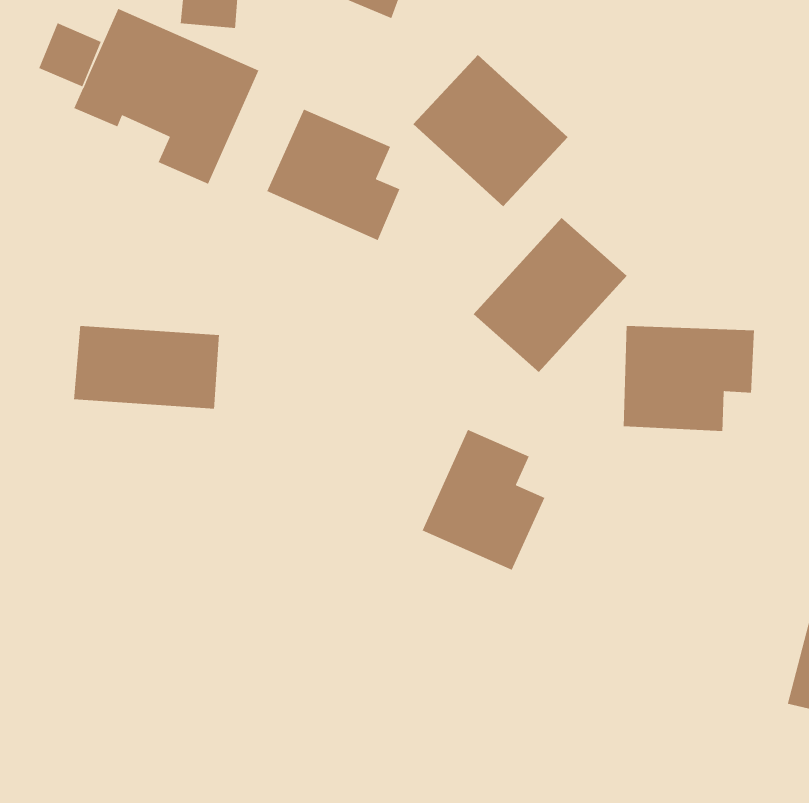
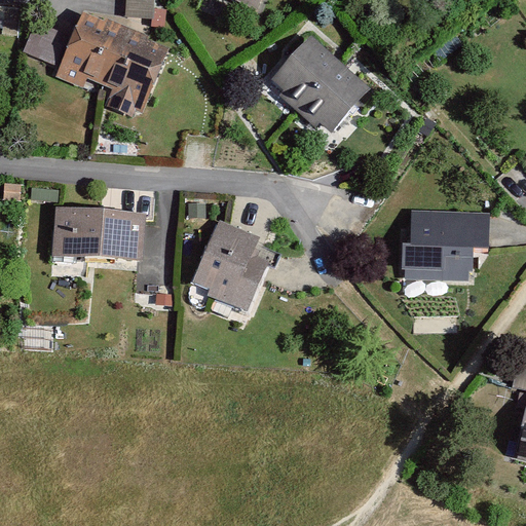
building: [266,109,400,241] -> none
building: [473,217,628,373] -> none
building: [421,429,546,571] -> [188,219,268,310]

